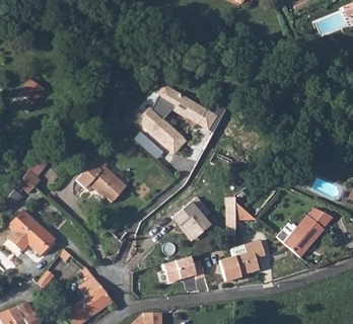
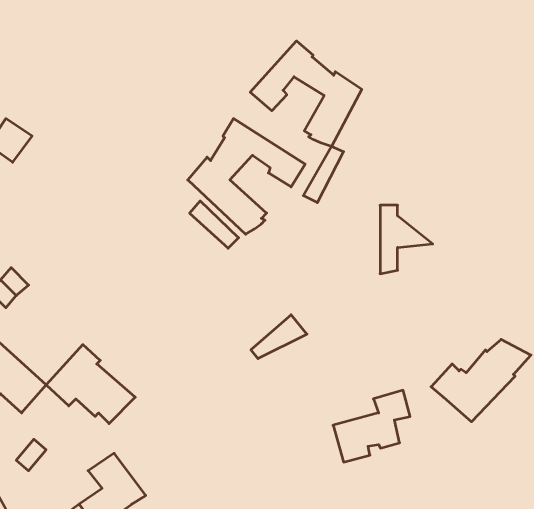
building: none -> [250,41,362,147]
building: [76,156,128,201] -> [46,345,135,424]
building: [226,195,257,235] -> [380,205,433,274]
building: [176,208,210,237] -> none
building: [163,254,205,280] -> none

